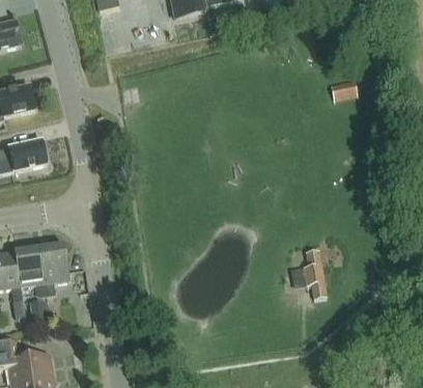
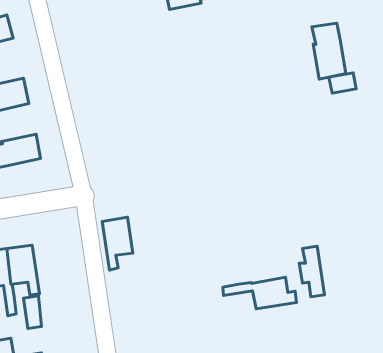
building: none -> [312,23,346,79]
building: [38,244,68,296] -> [102,217,133,270]
building: none -> [223,277,296,309]

